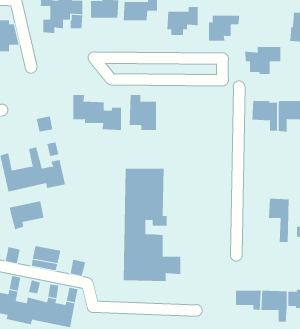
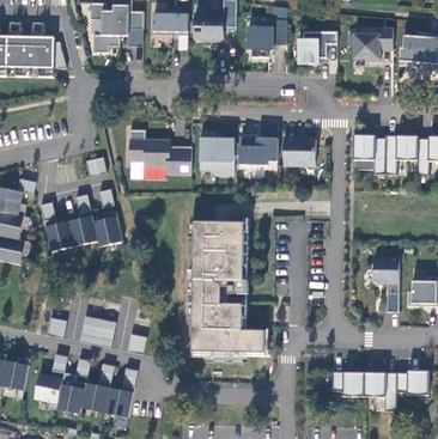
building: [244,46,281,75] -> [347,25,393,60]
building: none -> [239,134,278,164]
building: none -> [284,136,315,164]
building: [9,201,44,230] -> none

